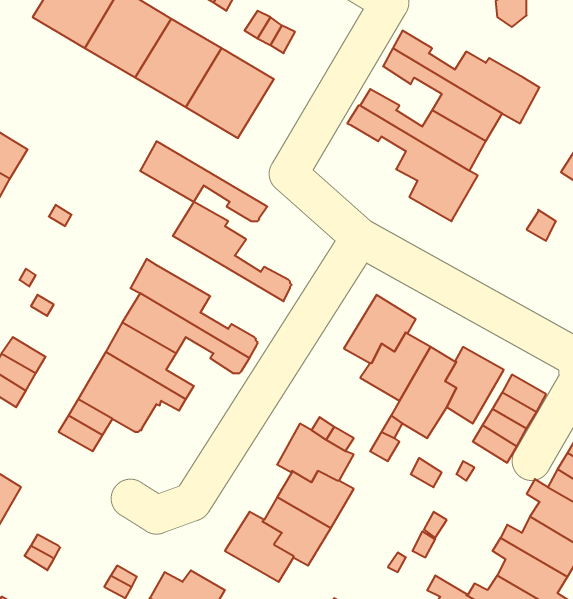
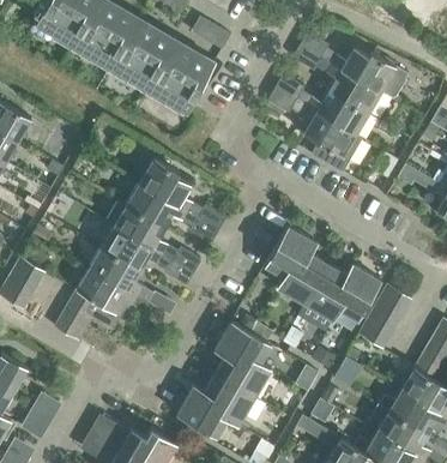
building: [140,141,267,221] -> [126,182,219,241]

